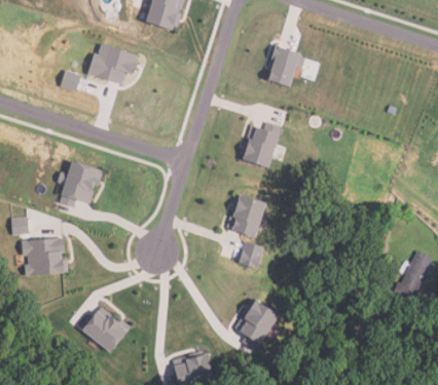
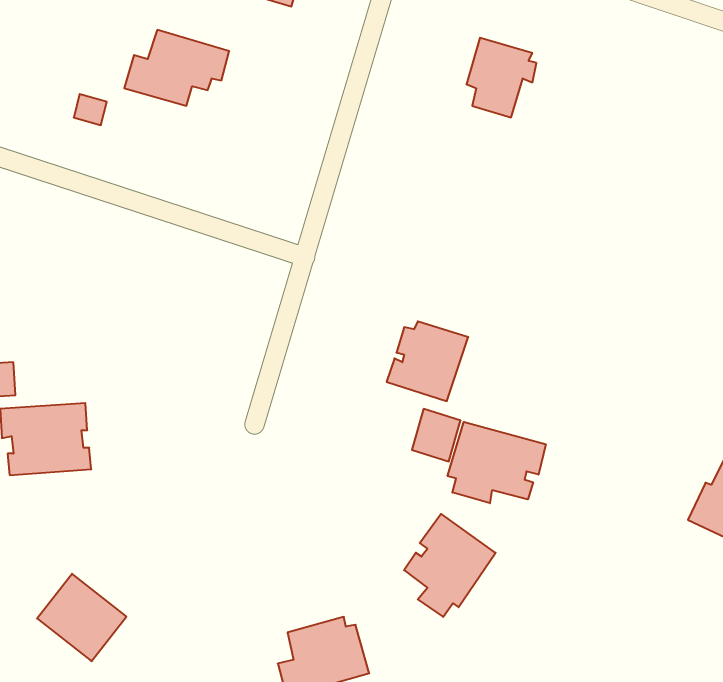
building: [240,124,281,166] -> none
building: [58,159,104,206] -> none
building: none -> [448,422,546,503]
building: [82,305,130,351] -> [37,574,126,661]

